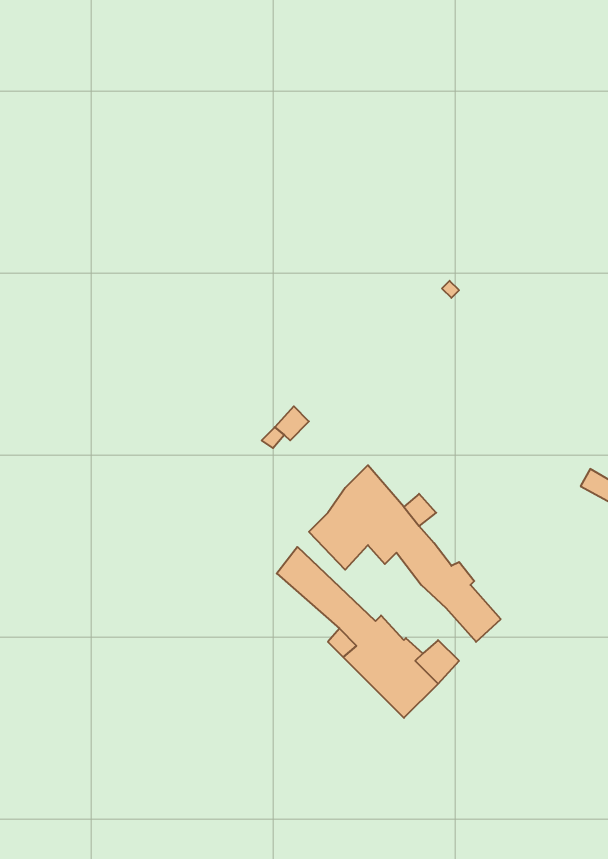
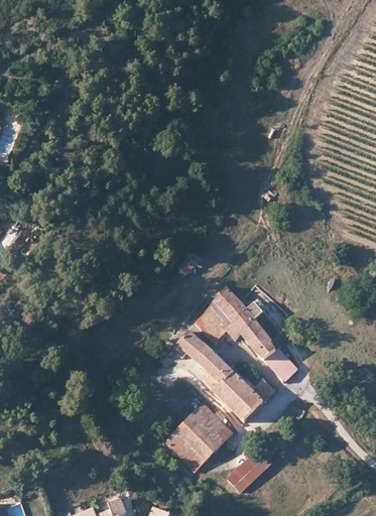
building: none -> [167,399,231,470]
building: none -> [228,450,271,493]

